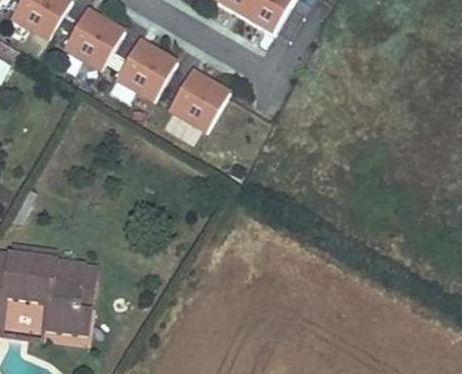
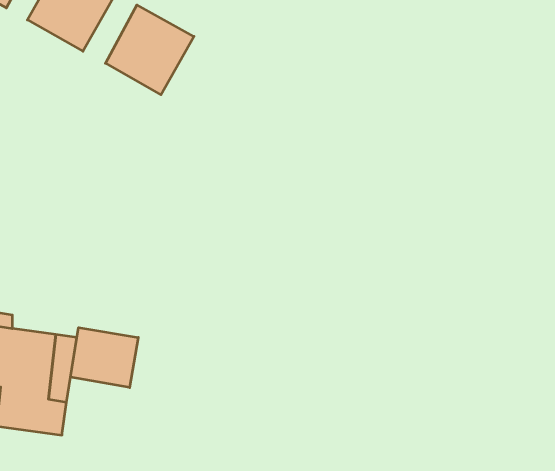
building: [170,67,230,129] -> none
building: none -> [71,328,138,388]

